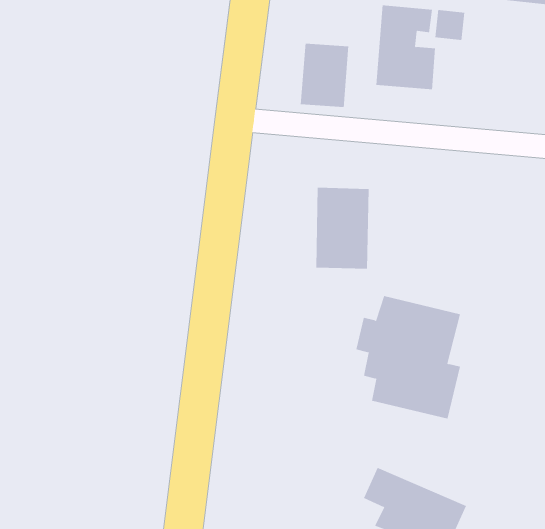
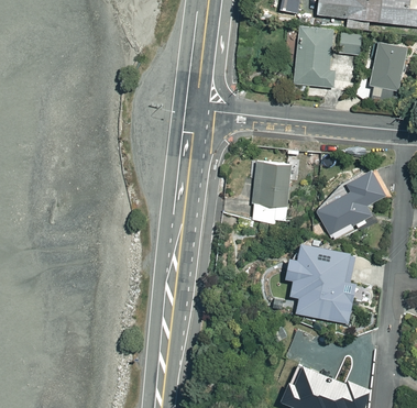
building: none -> [369,43,407,93]
building: [300,43,349,108] -> none
building: none -> [320,163,386,236]

